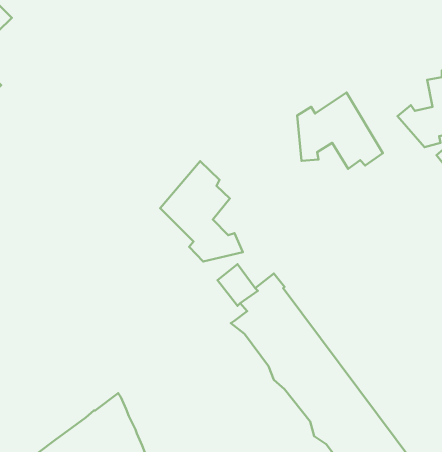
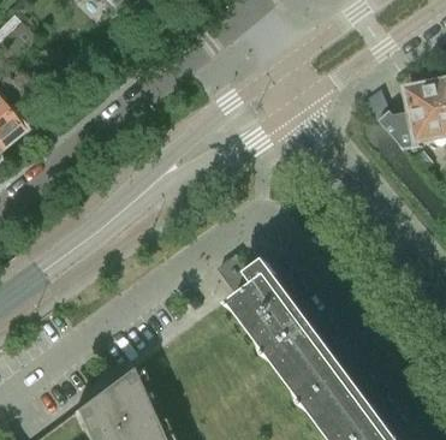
building: [297,92,383,169] -> none
building: [160,161,243,262] -> none

